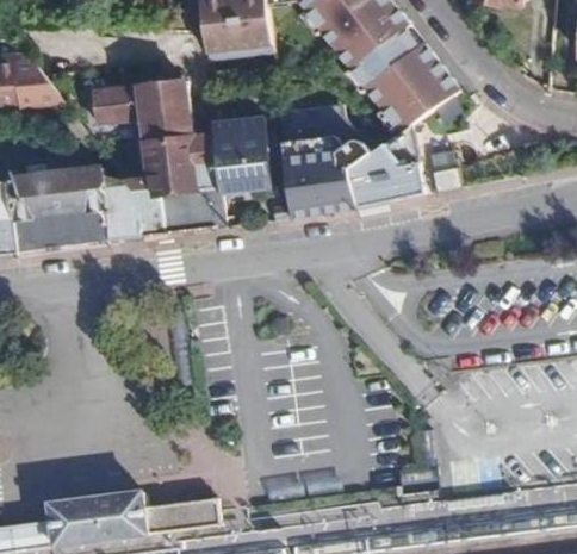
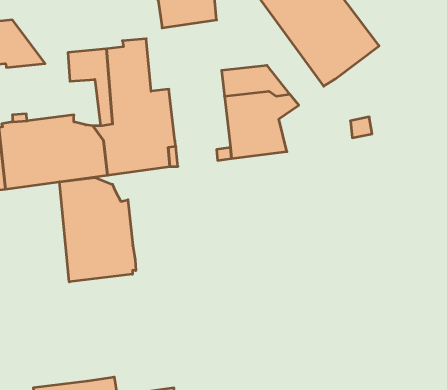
building: [212,118,271,197] -> none
building: [346,123,422,210] -> none
building: none -> [59,178,136,282]

